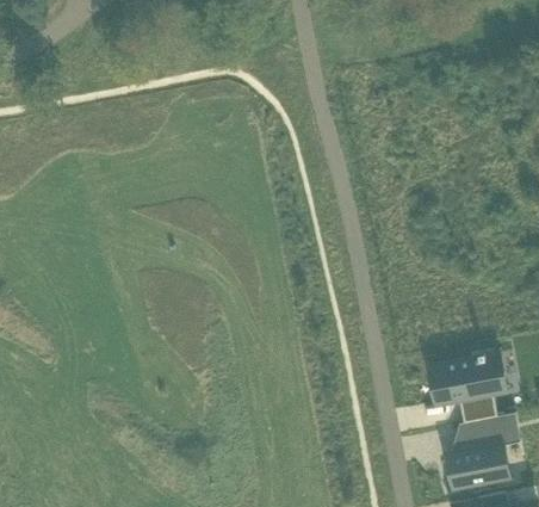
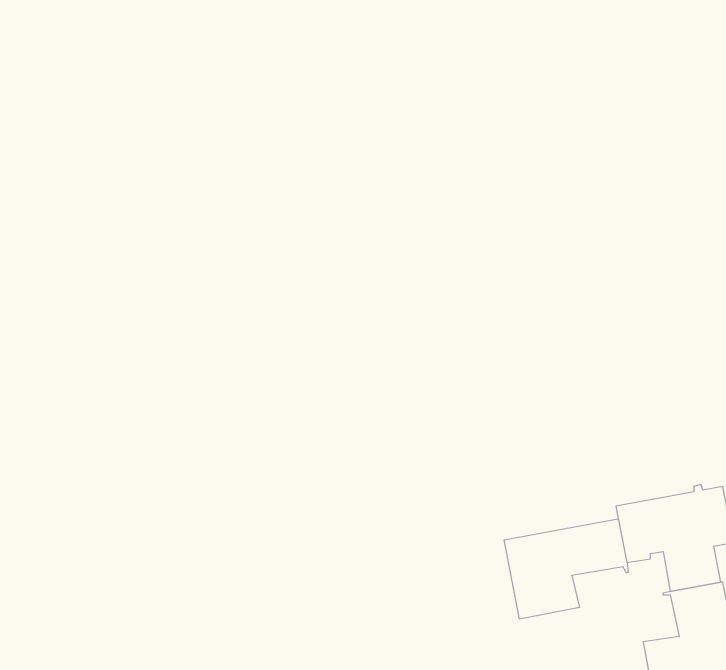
building: none -> [504,519,628,619]

